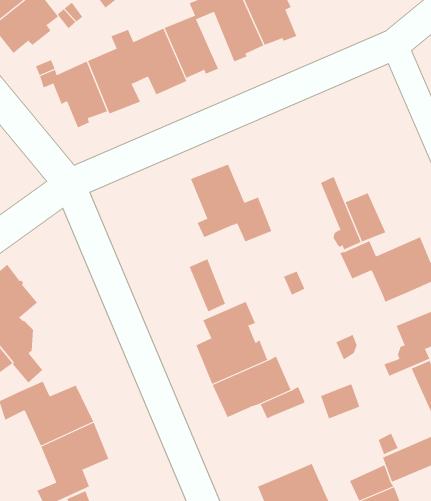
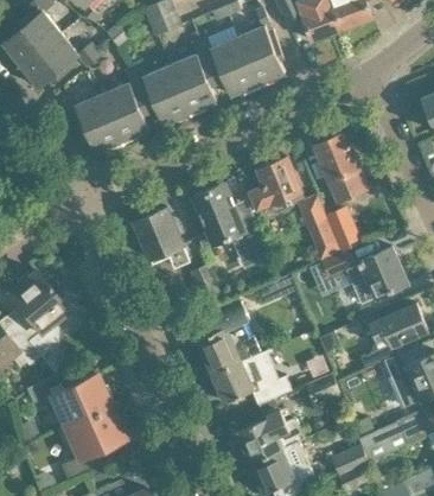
building: none -> [313,132,368,199]
building: none -> [248,157,305,212]
building: none -> [134,206,189,267]
building: none -> [236,409,304,462]

